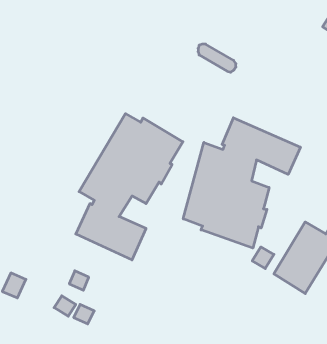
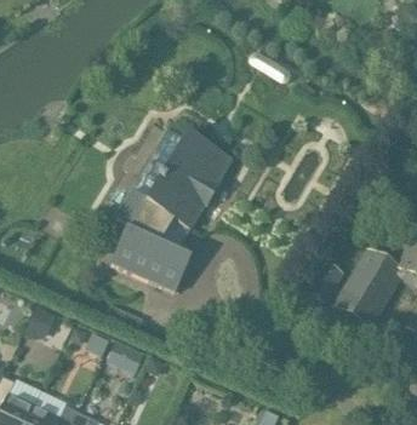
building: [183,118,300,248] -> none

